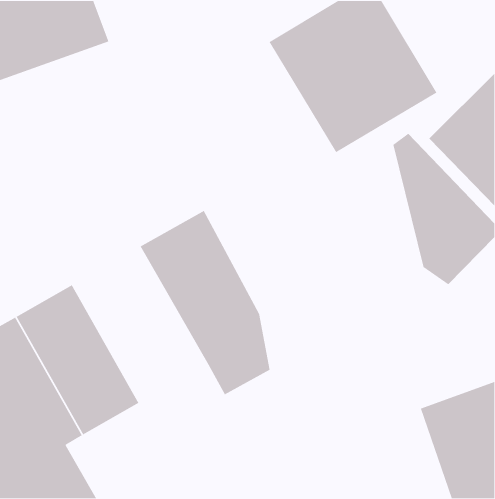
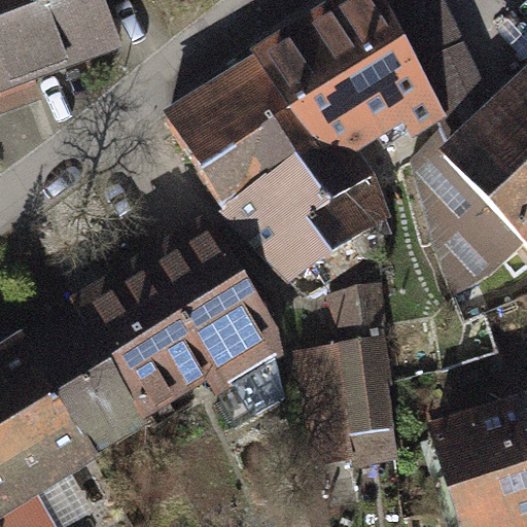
building: none -> [175,56,355,290]
building: none -> [76,259,219,425]
building: none -> [293,284,398,470]

